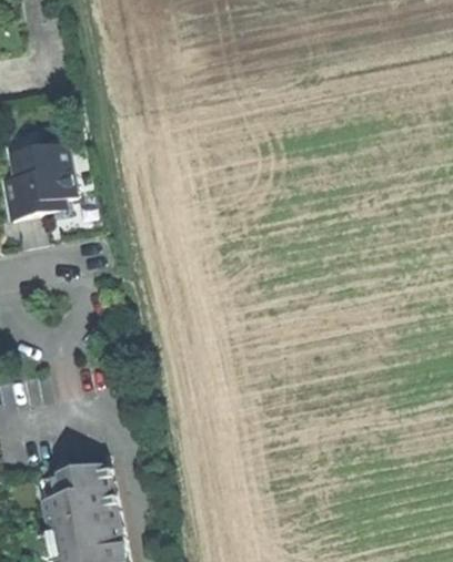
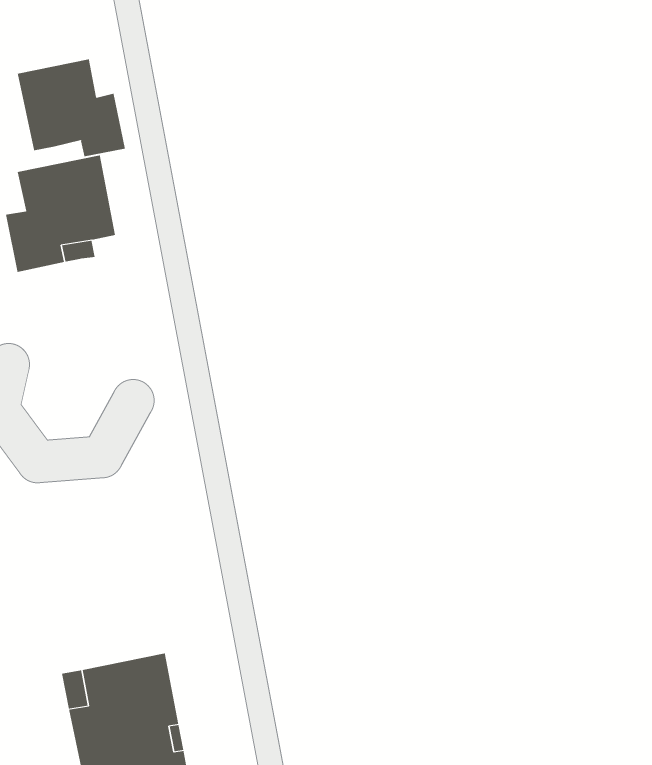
building: none -> [17,59,125,157]

